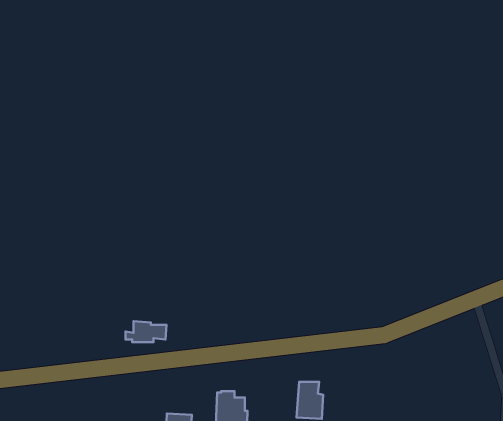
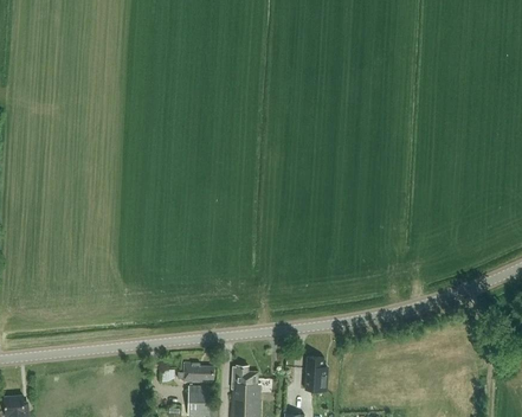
building: [126,321,167,342] -> [176,363,213,381]

